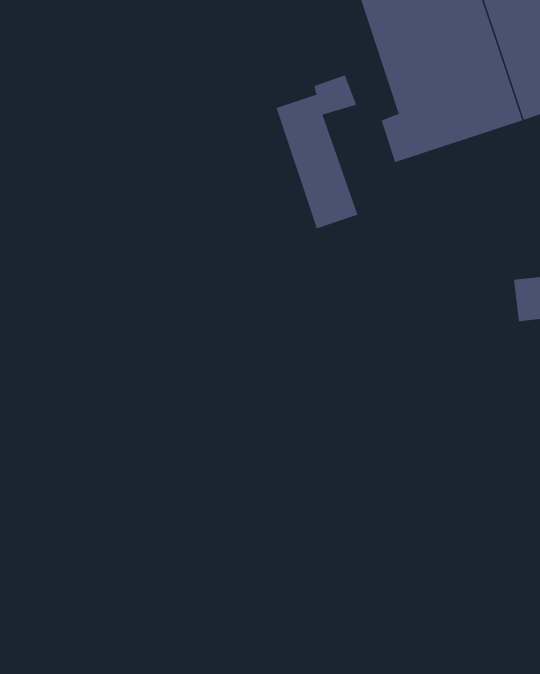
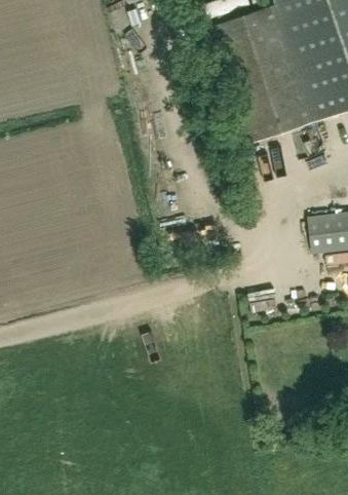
building: [276,74,358,229] -> none

